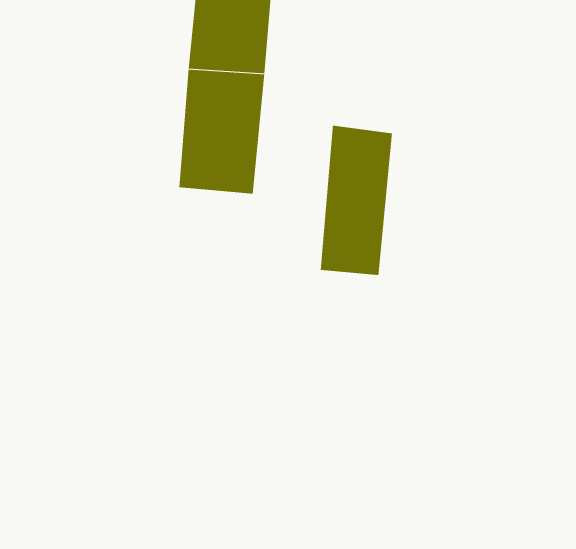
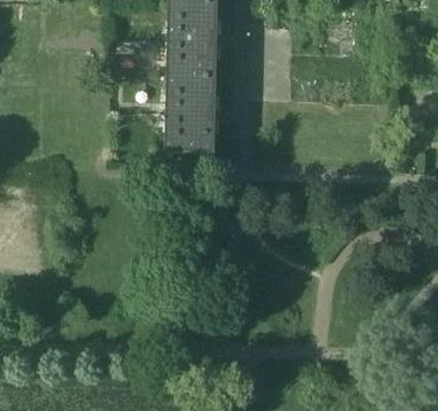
building: [320,125,393,276] -> none

